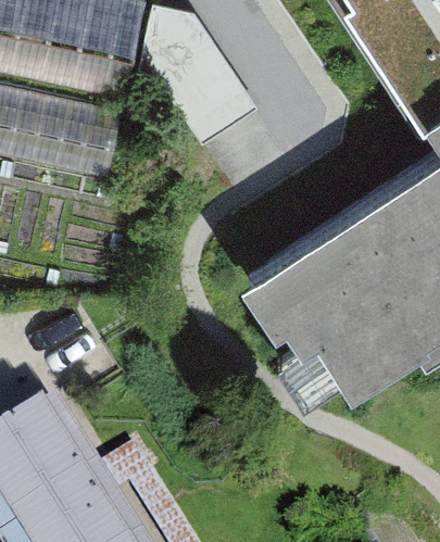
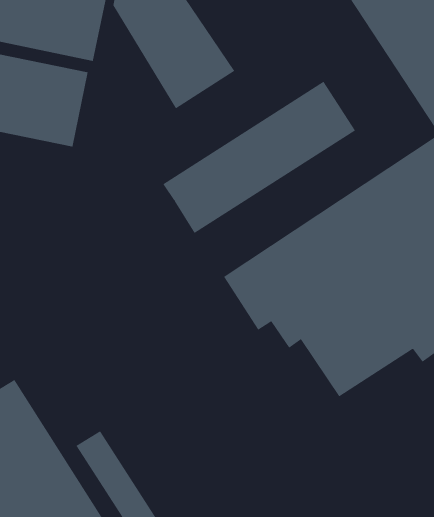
building: none -> [162,81,356,234]

